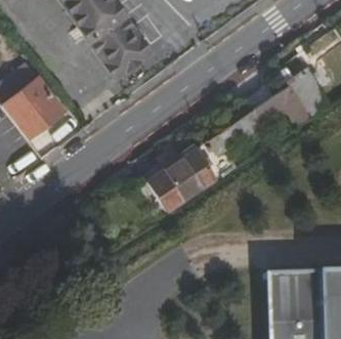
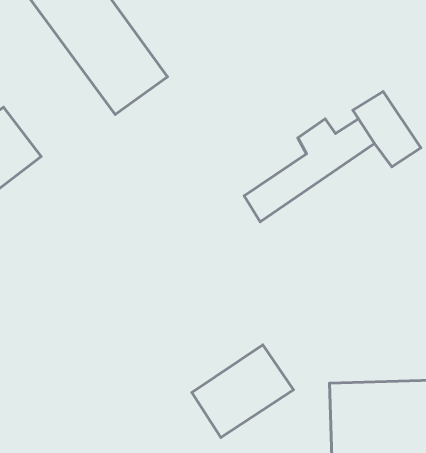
building: [147,146,219,212] -> [192,345,293,438]

